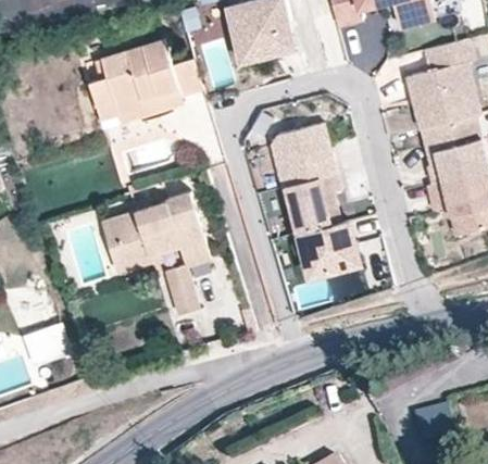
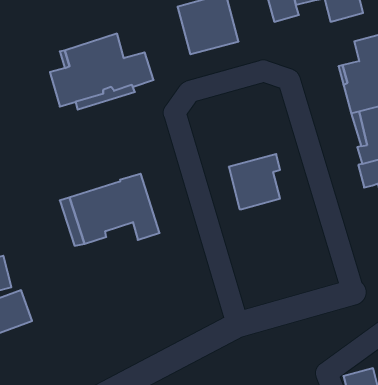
building: [272,122,338,185] -> none
building: [300,217,361,274] -> none
building: [165,265,199,313] -> none

